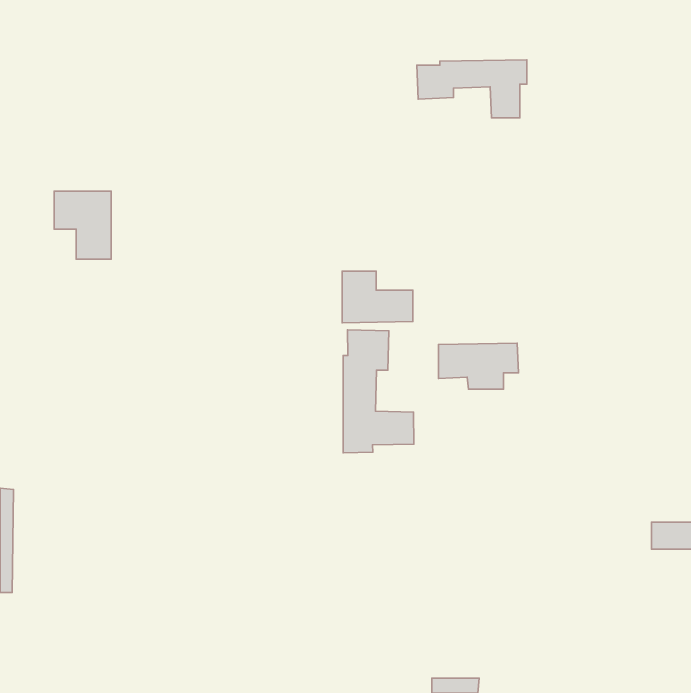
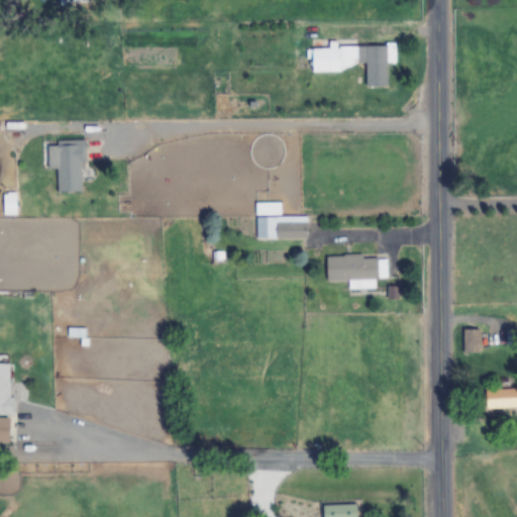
building: [343,330,414,453] -> none
building: none -> [464,330,481,353]

